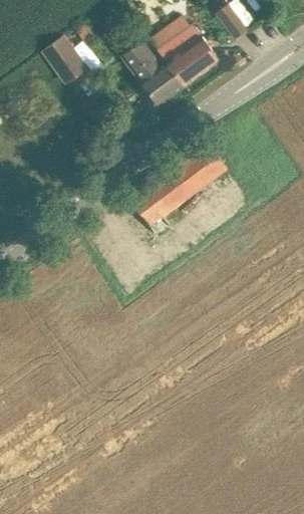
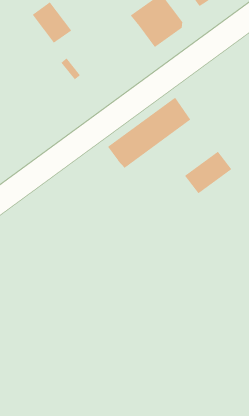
building: [119,41,183,105] -> none
building: none -> [184,151,232,194]

